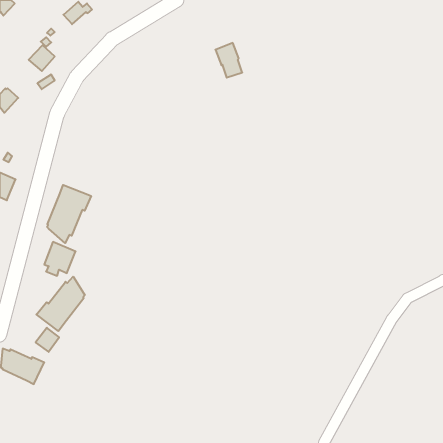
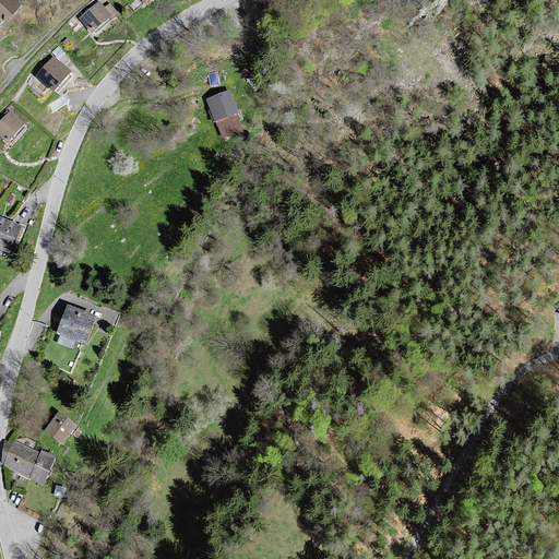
building: [215,43,242,78] -> [207,92,241,135]
building: [47,185,91,243] -> none
building: [36,277,85,331] -> none

